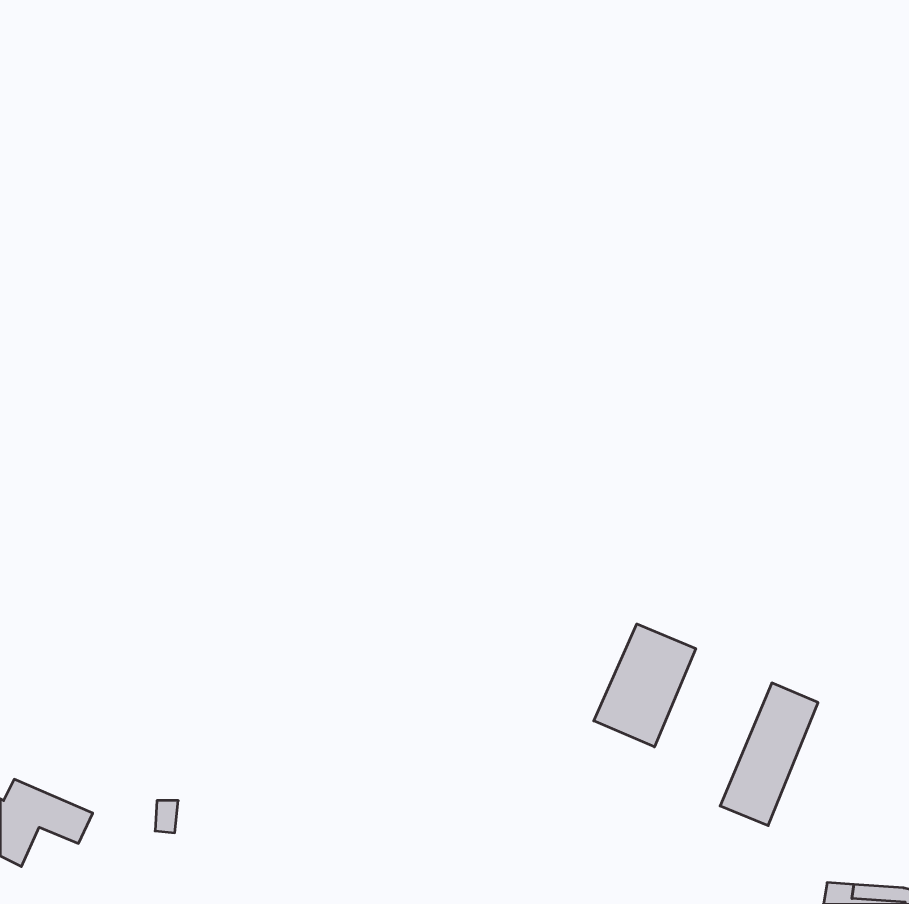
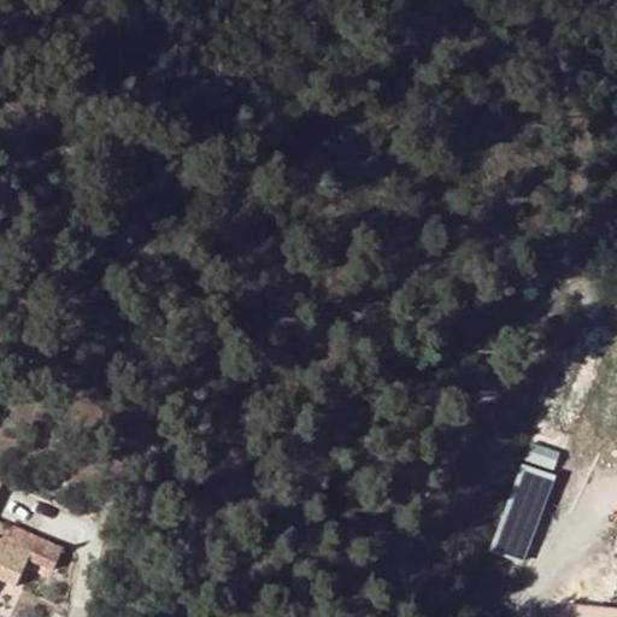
building: [594,624,696,747] -> none

